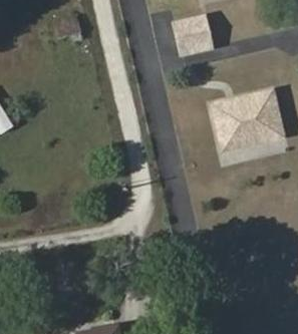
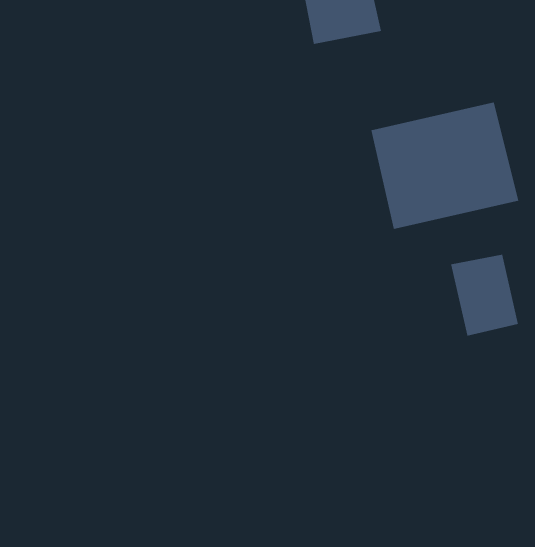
building: none -> [450,254,519,336]

